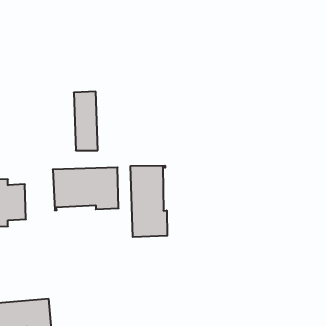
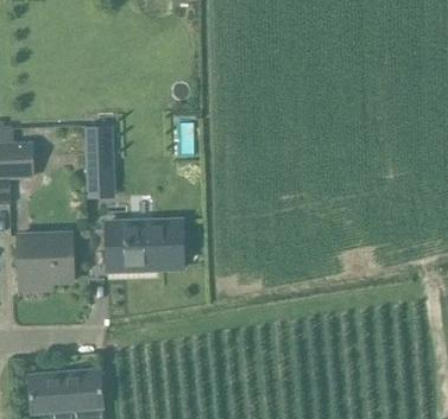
building: [74,92,98,150] -> [84,127,113,197]
building: [131,166,167,237] -> none

